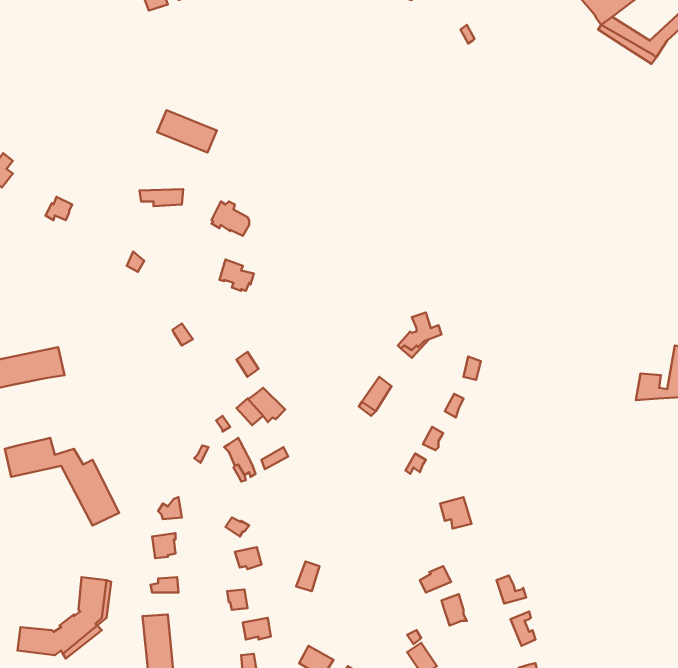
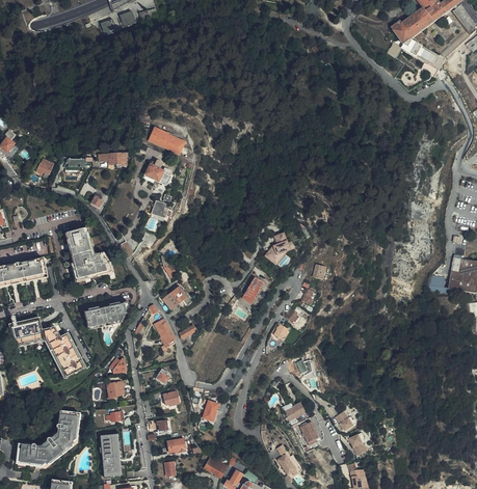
building: [157,110,217,152] -> [148,126,187,154]
building: none -> [65,228,110,279]
building: none -> [84,302,128,327]

